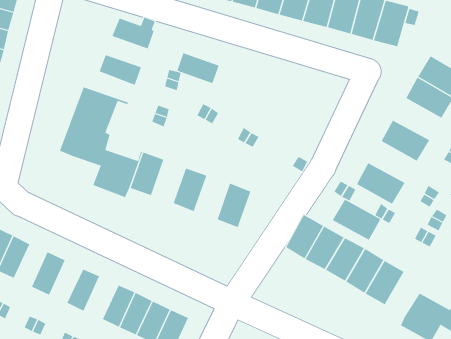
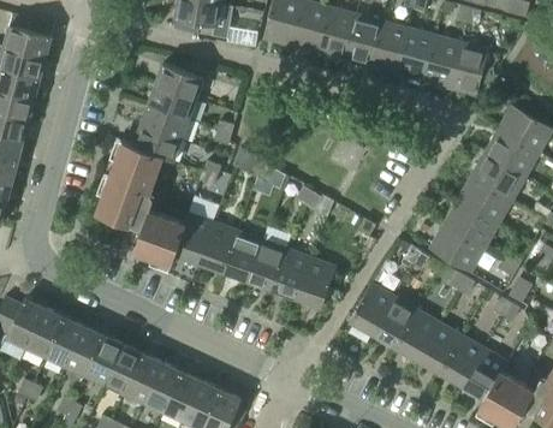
building: [176,53,219,84] -> [148,84,196,119]
building: none -> [133,124,182,159]
building: none -> [470,154,525,201]
building: none -> [200,222,238,272]
building: none -> [248,240,287,290]
building: none -> [297,258,338,308]
building: [332,199,381,241] -> [442,202,498,249]
building: none -> [46,317,83,365]
building: none -> [85,335,123,384]
building: none -> [462,349,506,398]
building: none -> [124,353,162,402]

